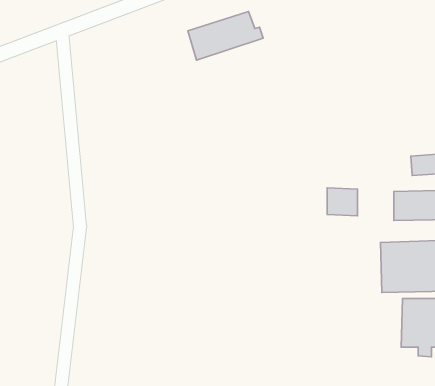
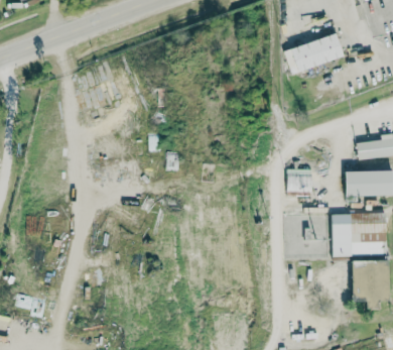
building: [188,11,263,60] -> [284,33,347,74]

